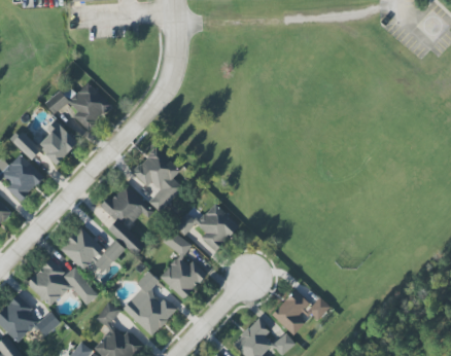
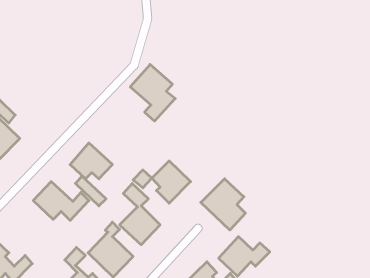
building: [45,82,112,132] -> none
building: [37,126,76,166] -> none
building: [132,147,183,212] -> [130,64,175,121]
building: none -> [201,179,245,230]
building: [27,260,97,307] -> none

